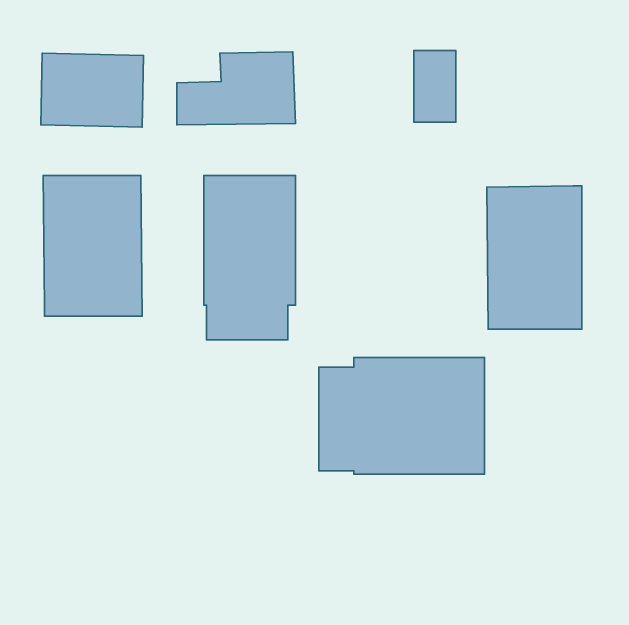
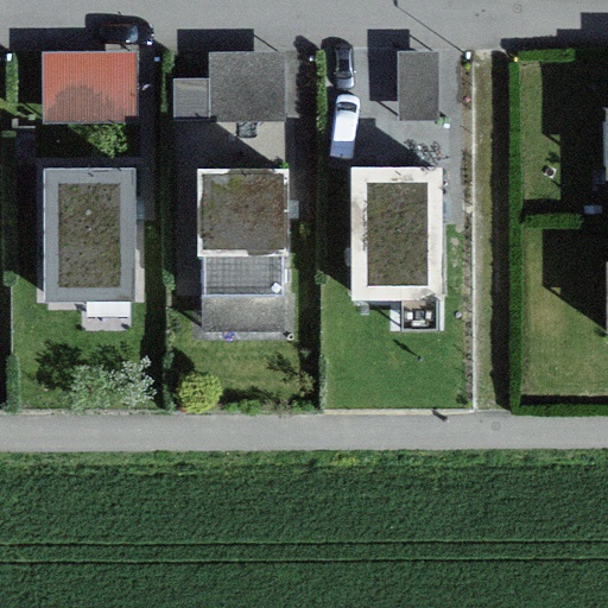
building: [487,186,582,329] -> [349,167,441,305]
building: [319,358,485,474] -> none

